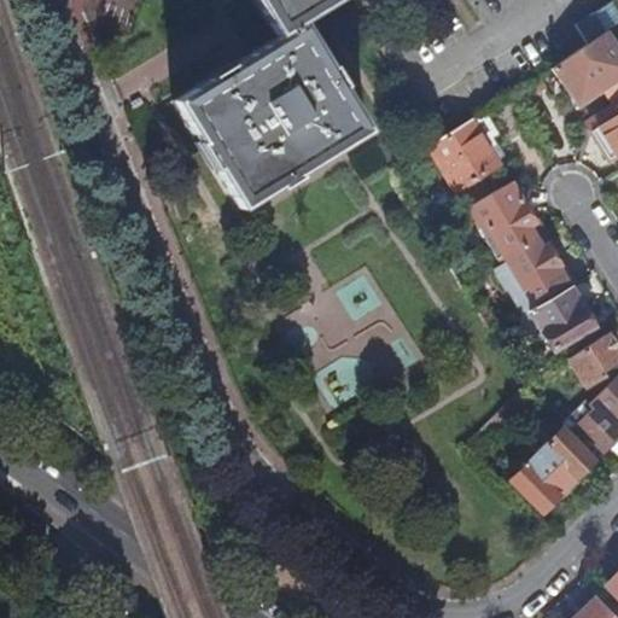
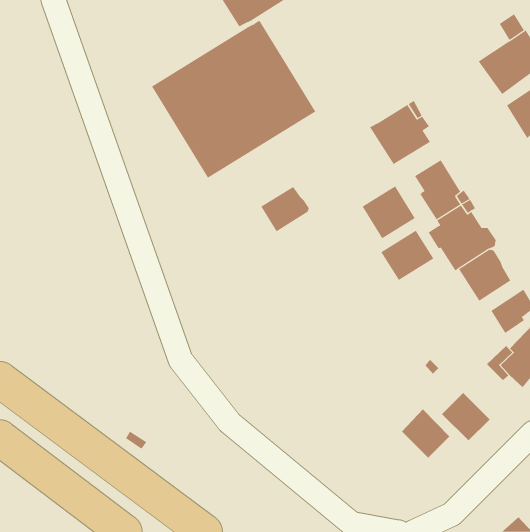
building: none -> [362,186,415,239]
building: none -> [260,186,310,232]
building: none -> [381,230,434,281]
building: [540,427,596,485] -> [401,408,450,459]

